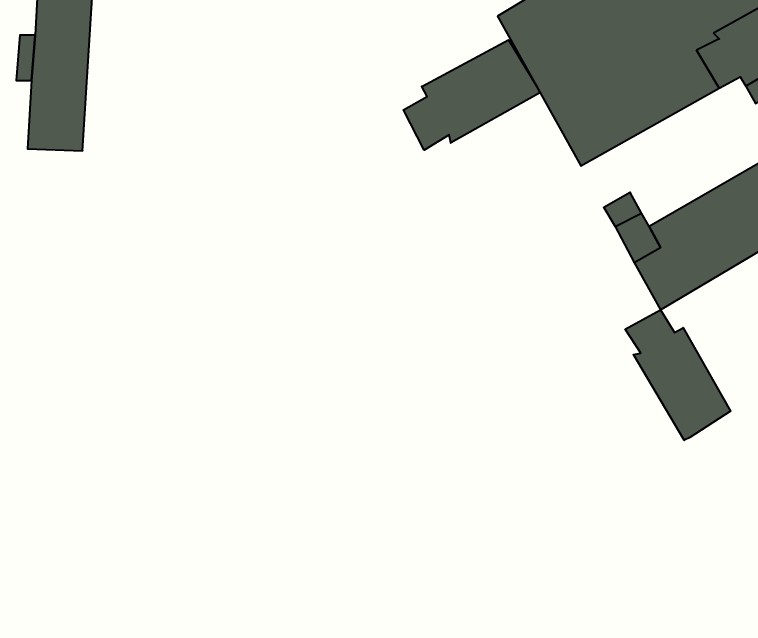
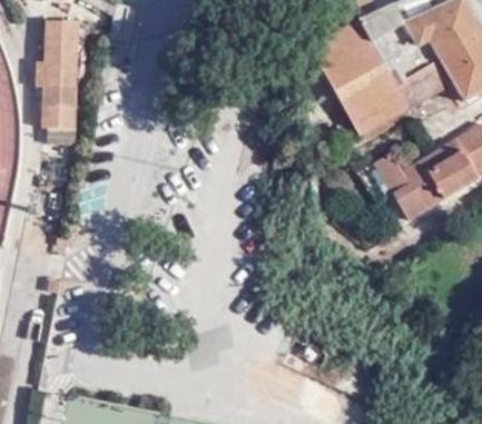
building: [403,40,540,150] -> none
building: [625,310,731,440] -> none

